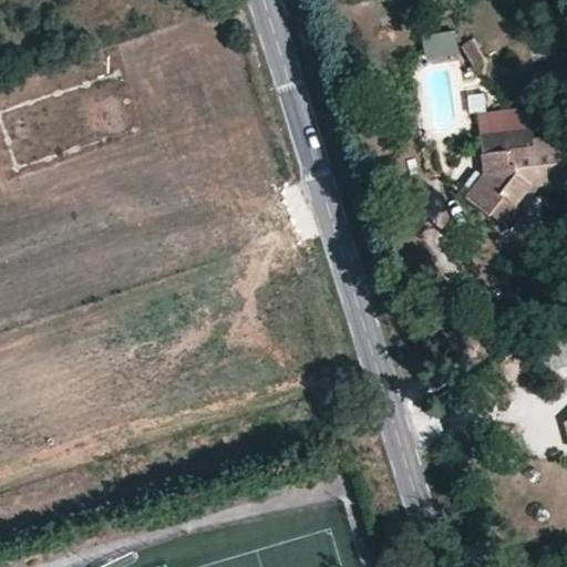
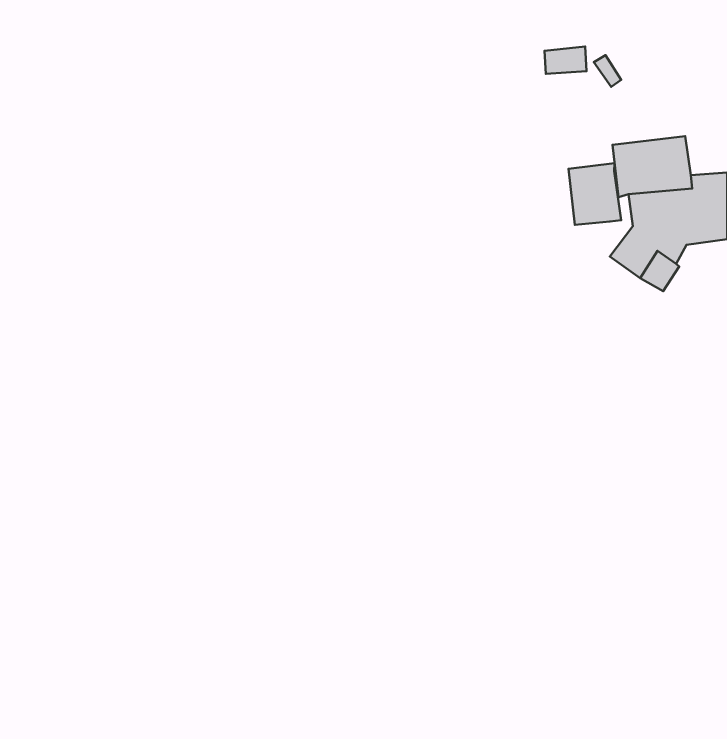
building: none -> [568,163,621,225]

